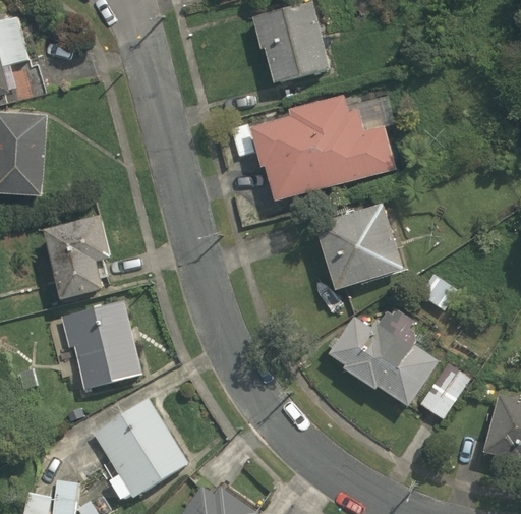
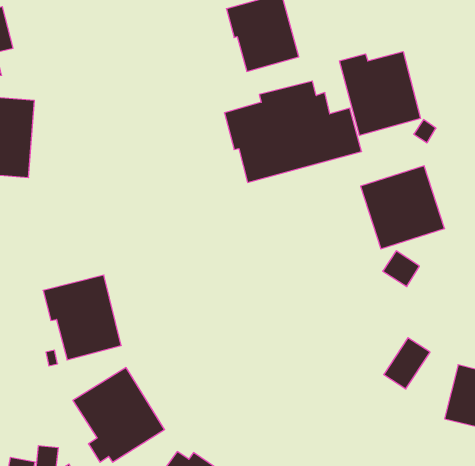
building: none -> [339,52,421,136]
building: [314,203,403,290] -> [361,166,445,249]
building: [44,215,113,300] -> none
building: [328,310,439,407] -> none

